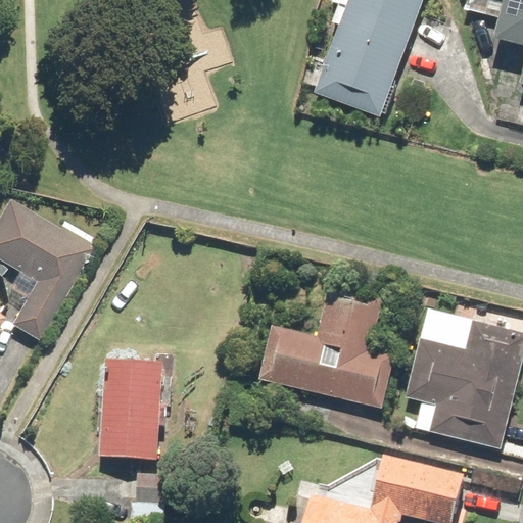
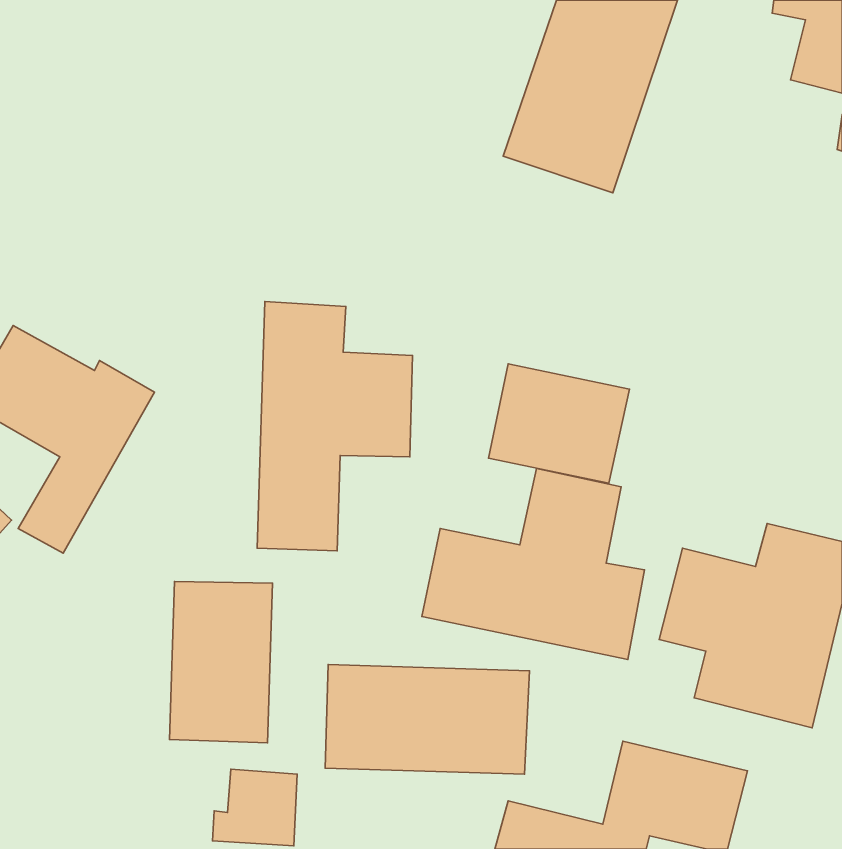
building: none -> [257,302,412,551]
building: none -> [488,364,630,483]
building: none -> [325,664,529,774]

